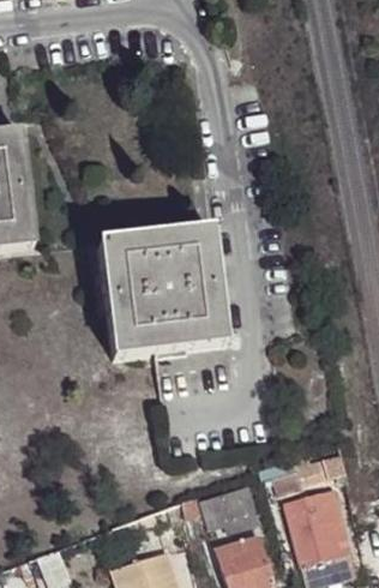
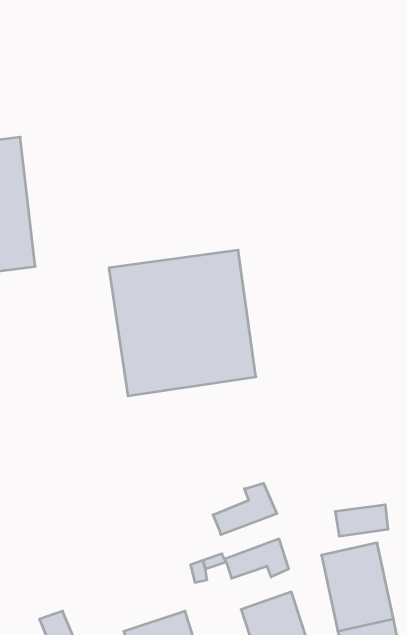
building: none -> [213,483,277,535]

